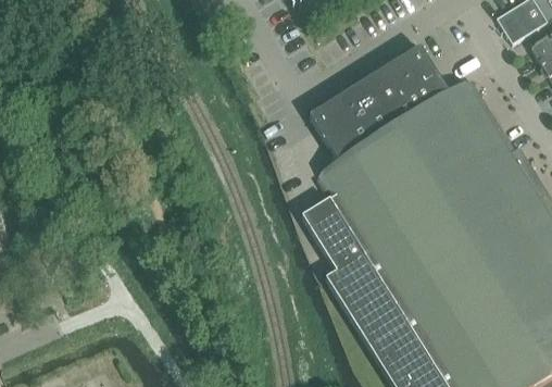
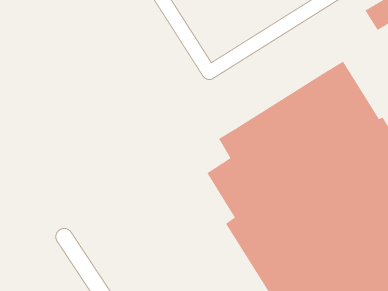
building: [310,45,449,160] -> none

